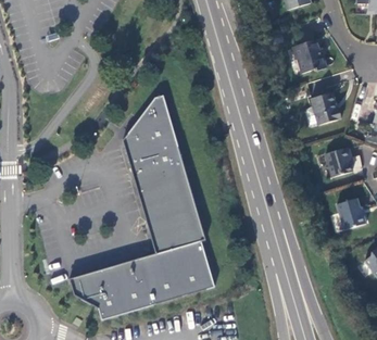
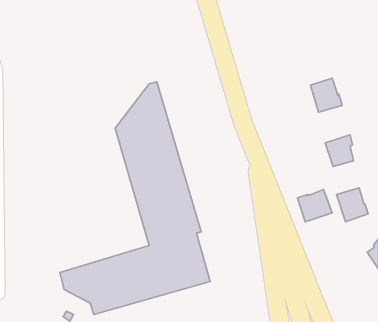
building: [292,38,327,72] -> none
building: none -> [298,190,332,222]

